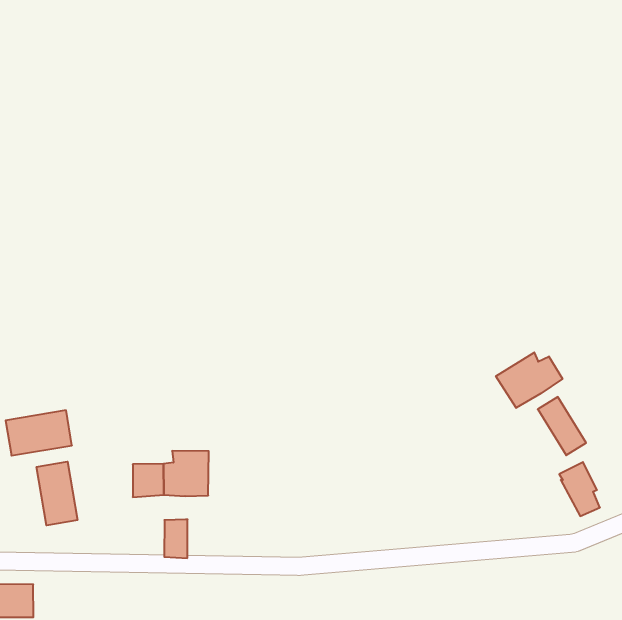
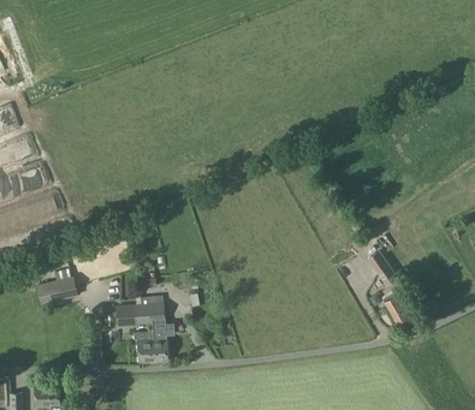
building: [496,352,562,408] -> none
building: [37,462,77,525] -> none
building: none -> [149,323,173,363]

